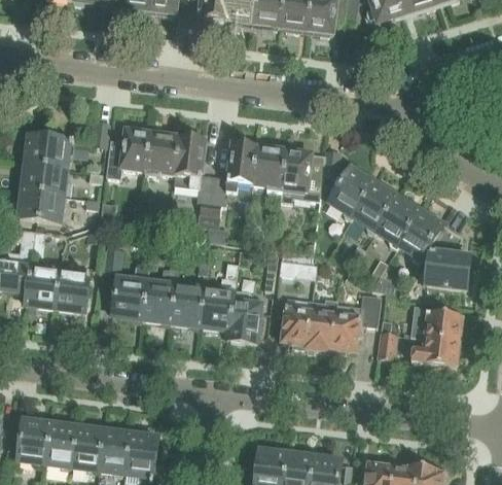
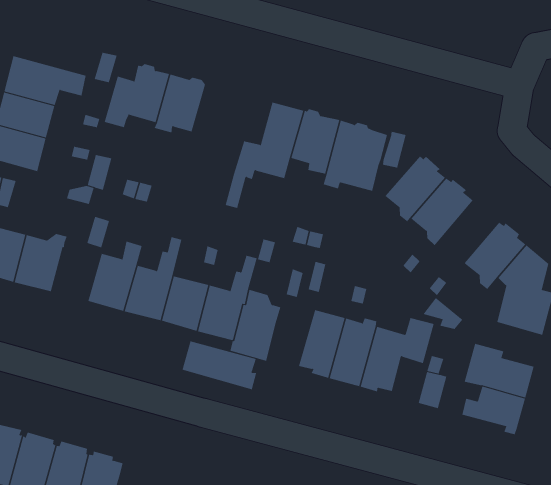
building: [173,136,214,227] -> none
building: [372,196,419,248] -> none
building: none -> [182,340,257,390]

